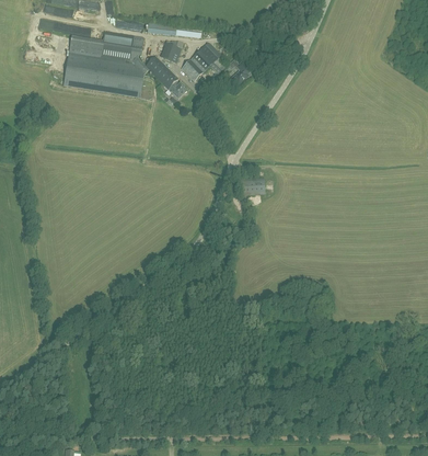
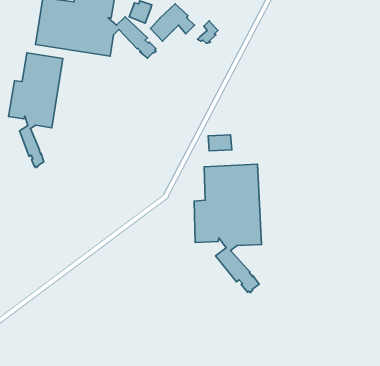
building: none -> [8,53,63,168]
building: none -> [194,164,261,292]

